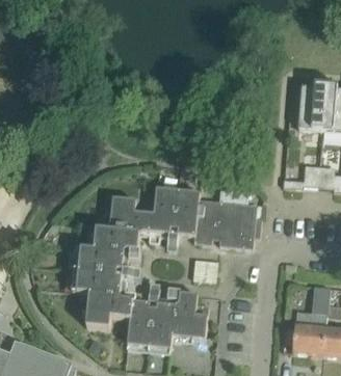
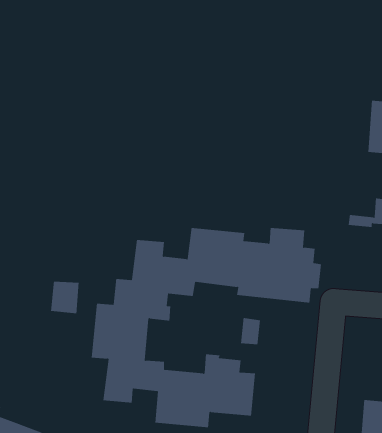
building: none -> [50,281,79,314]

